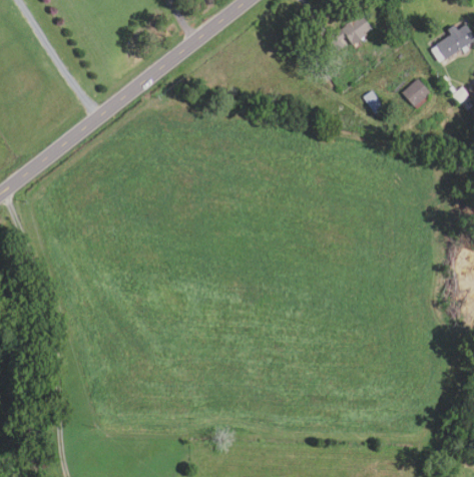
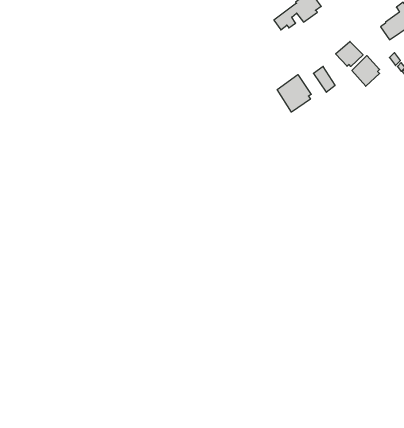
building: none -> [336,41,363,66]
building: none -> [277,75,311,112]

